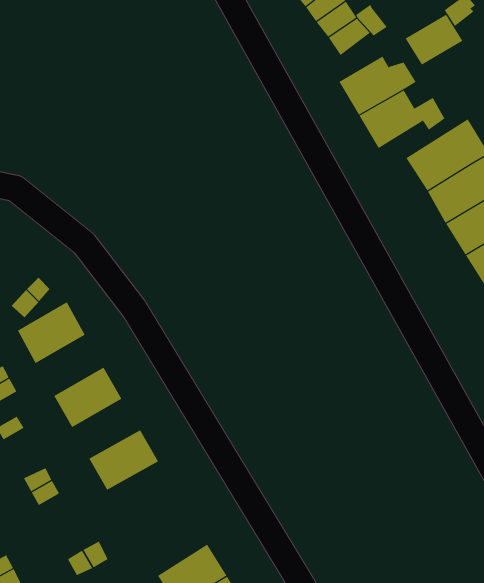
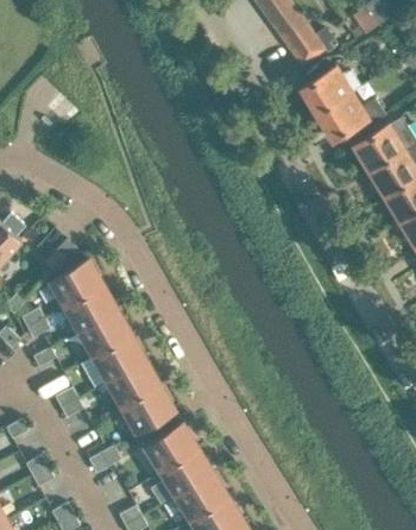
building: [405,14,463,65] -> none
building: none -> [64,285,118,333]
building: none -> [93,335,146,381]
building: none -> [120,384,175,433]
building: none -> [144,423,198,473]

